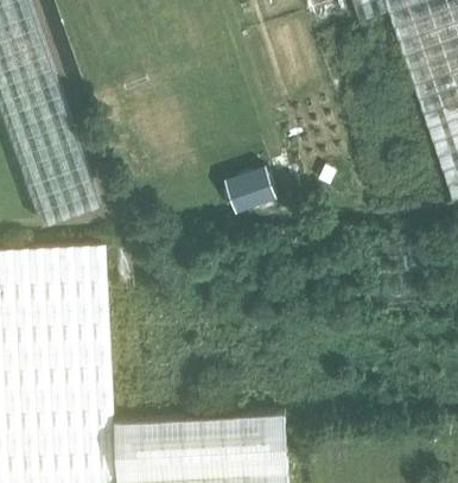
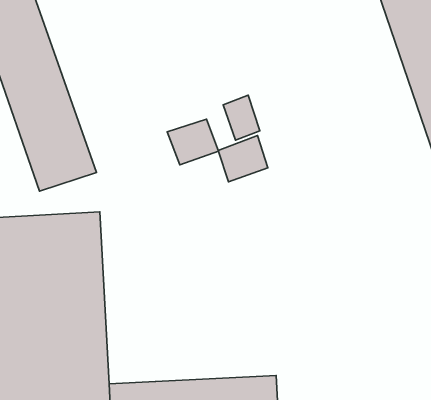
building: none -> [223,95,260,140]
building: none -> [167,119,218,165]

